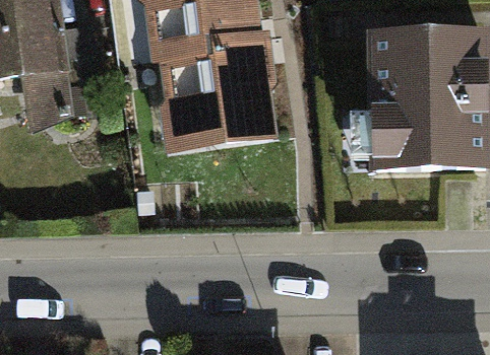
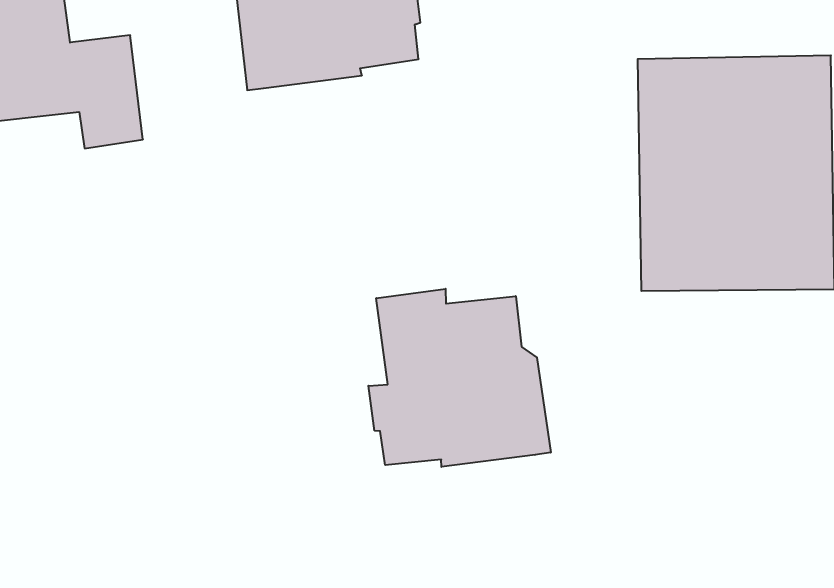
building: [159,40,261,140] -> none
building: none -> [368,289,551,467]

